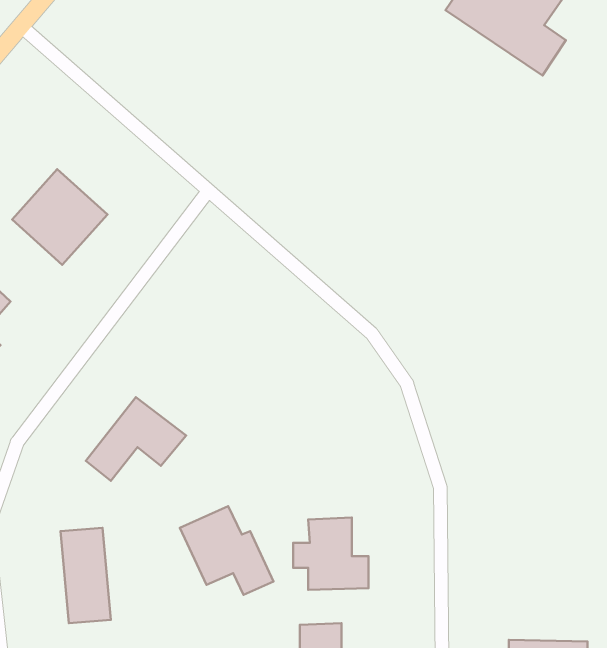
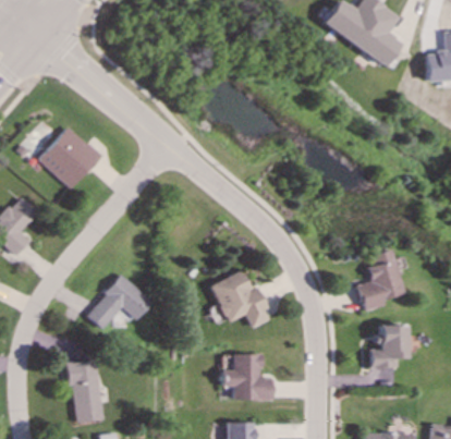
building: none -> [355,248,403,310]
building: none -> [368,325,405,367]
building: [180,506,273,595] -> [209,270,270,328]

